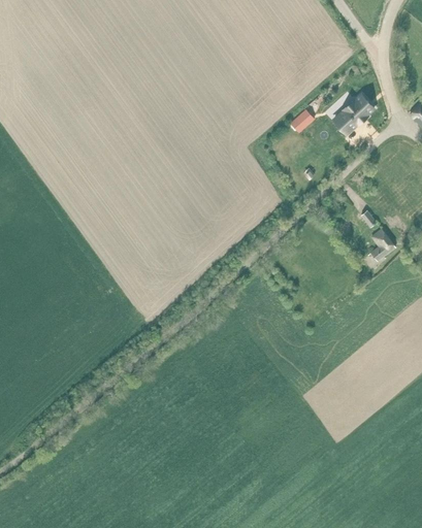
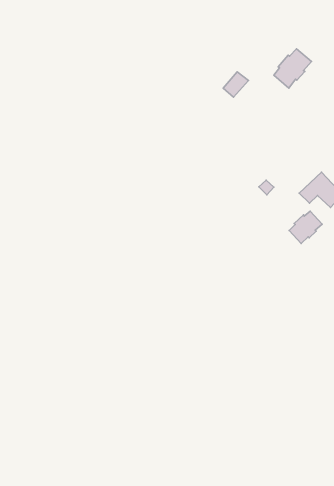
building: none -> [289,211,322,244]

